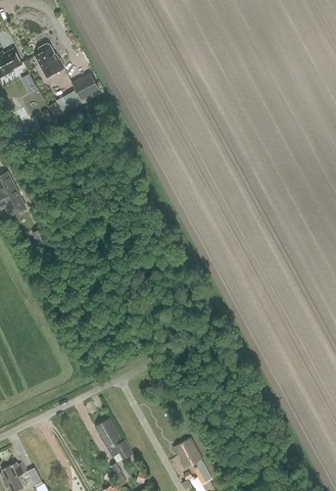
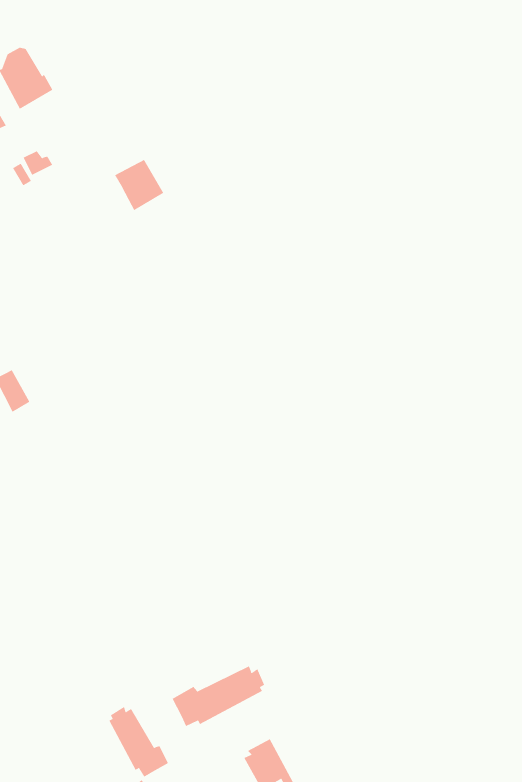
building: [73,73,101,103] -> [114,159,164,211]
building: none -> [172,666,265,727]

